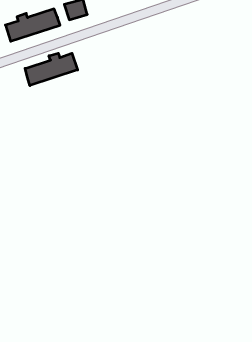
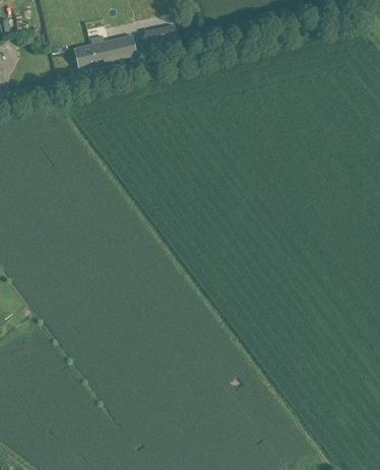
building: [25,53,78,86] -> none

